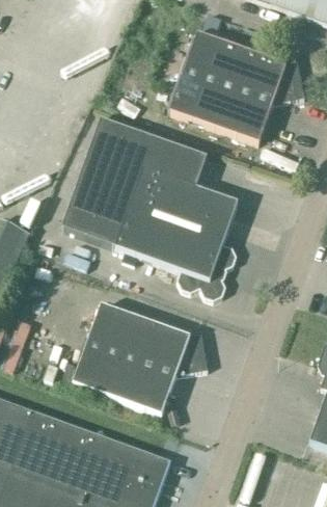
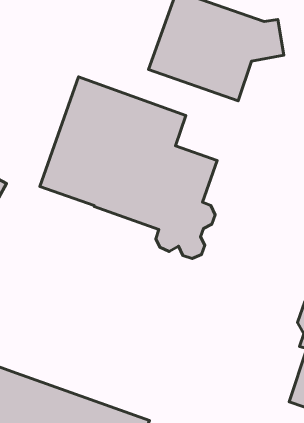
building: [73,303,208,413] -> none

